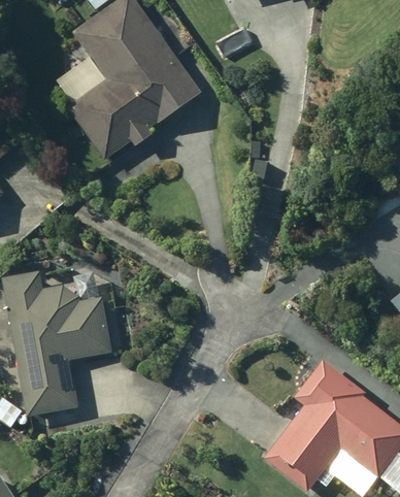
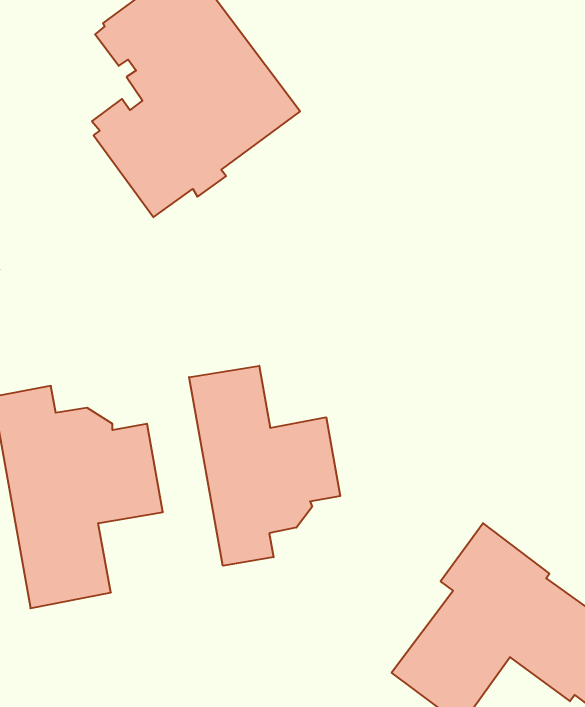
building: none -> [189,366,340,566]

